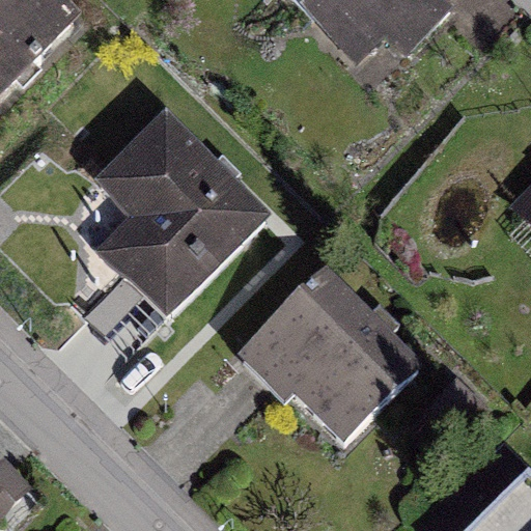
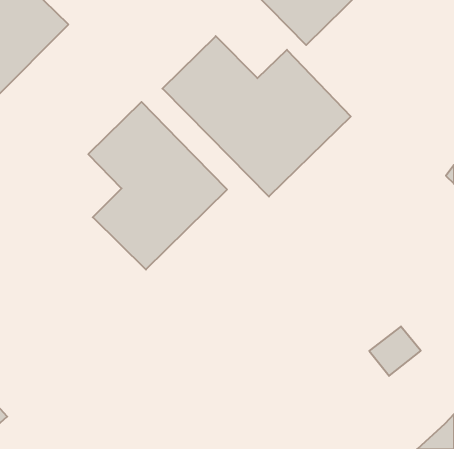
building: none -> [162,36,351,197]
building: [247,278,406,435] -> none

